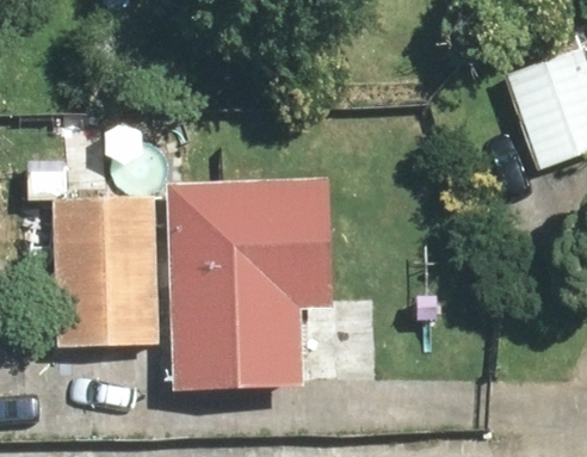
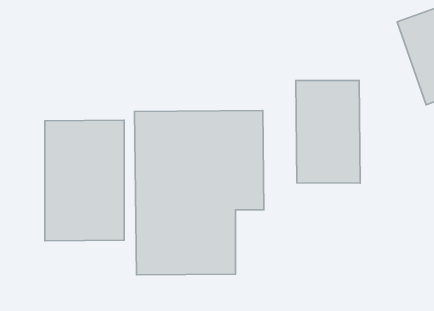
building: none -> [296,80,360,183]

